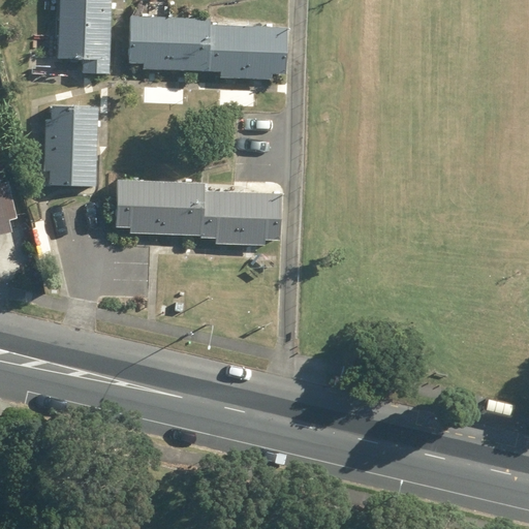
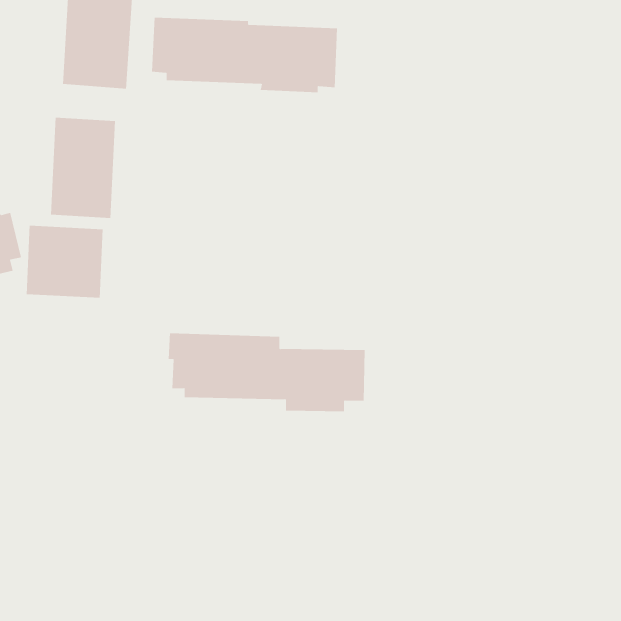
building: [115,179,282,246] -> [168,333,366,412]
building: none -> [26,225,103,299]

